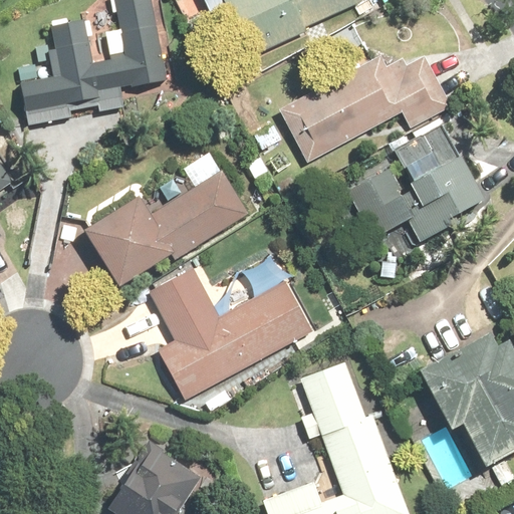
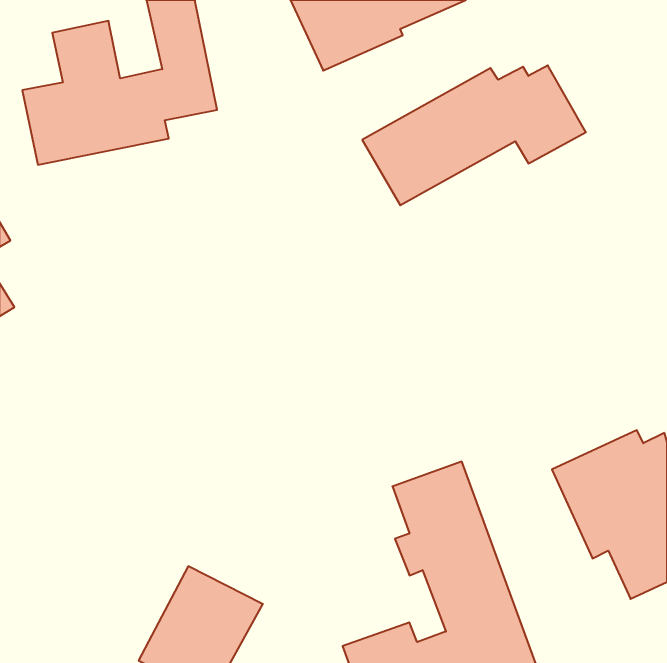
building: [348,131,482,242] -> none
building: [85,166,252,284] -> none
building: [151,260,318,403] -> none

